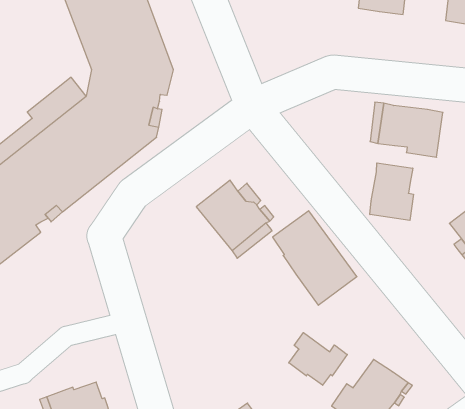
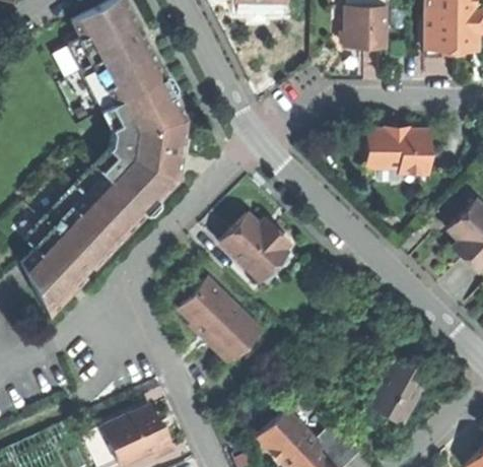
building: [370,163,413,220] -> none
building: [273,211,357,305] -> [182,280,261,363]
building: [289,333,347,385] -> none

